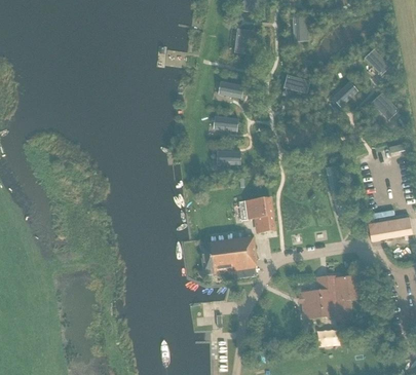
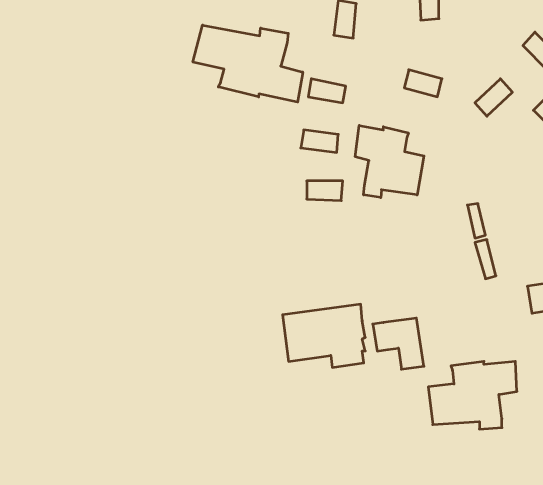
building: none -> [193,25,303,102]
building: none -> [355,125,424,198]
building: [238,197,273,232] -> [373,318,424,369]

